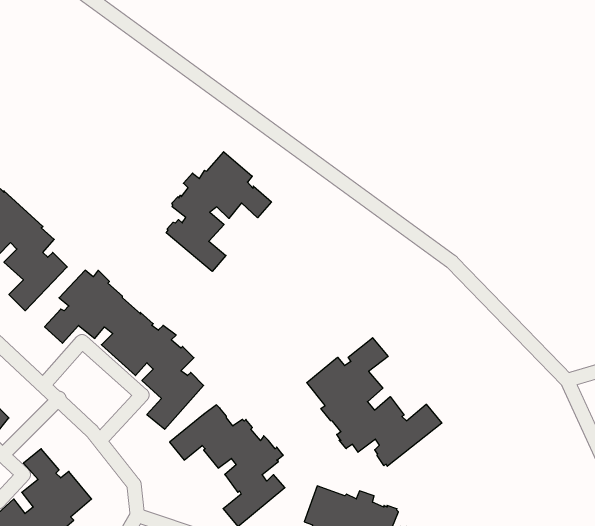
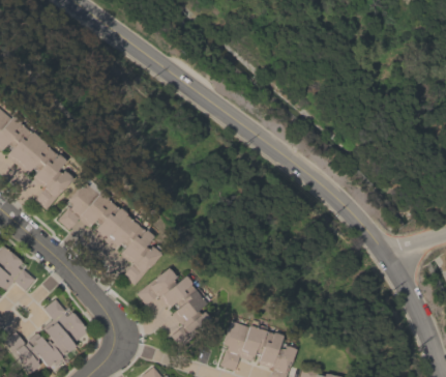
building: [166,152,271,271] -> none
building: [307,338,442,466] -> none

